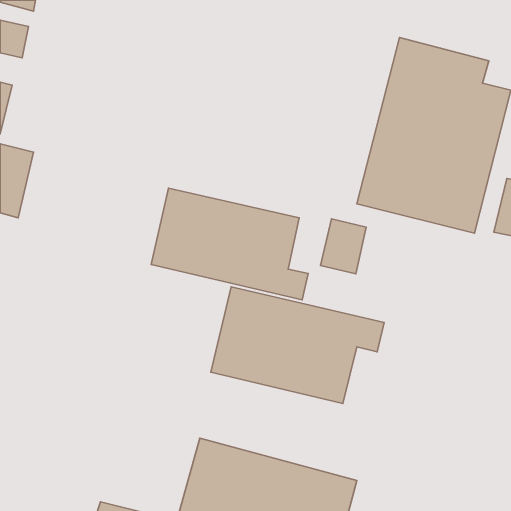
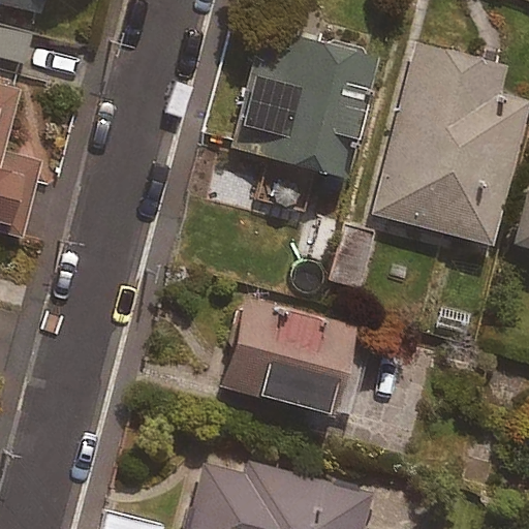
building: none -> [235,28,374,216]
building: [151,188,308,300] -> none

